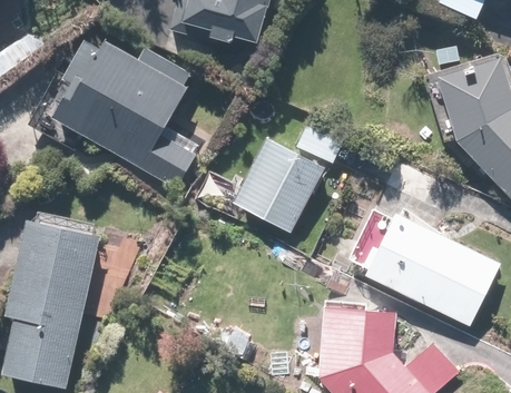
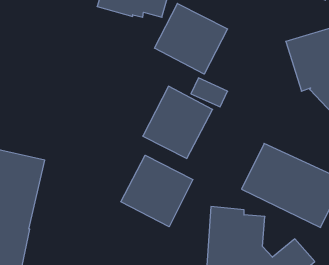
building: none -> [155,3,228,74]
building: [51,41,196,188] -> none
building: none -> [121,155,193,227]

